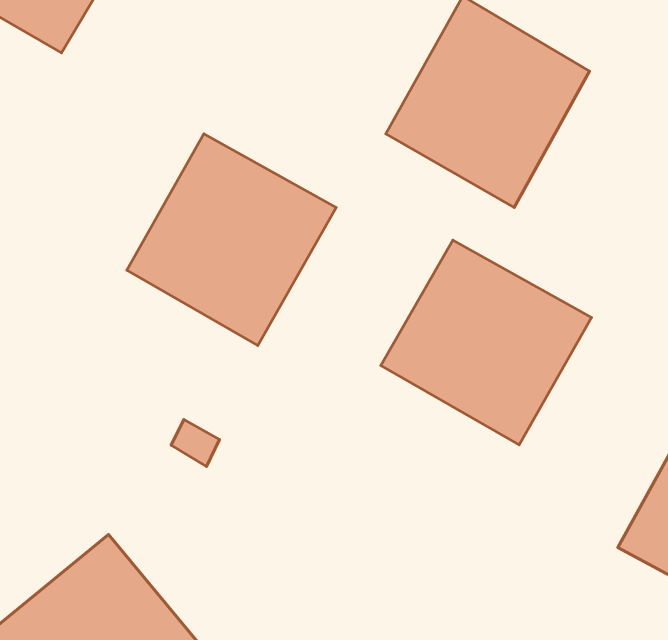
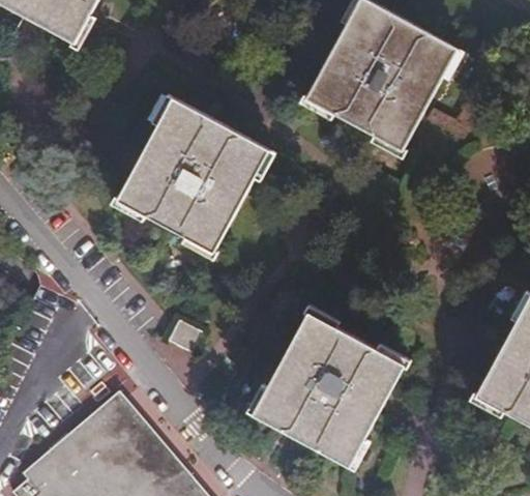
building: [381,240,591,445] -> none
building: none -> [255,311,407,465]

